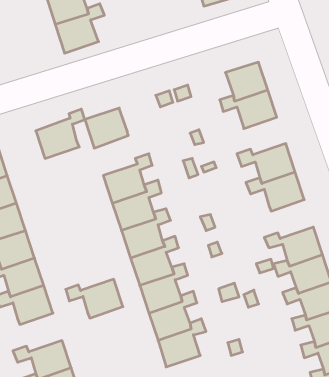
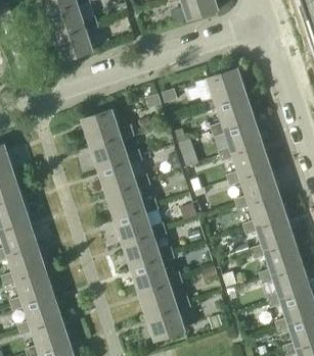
building: [36,109,85,158] -> [89,125,133,169]
building: none -> [210,117,261,151]
building: none -> [233,191,285,225]
building: [66,279,123,318] -> [9,292,60,326]

